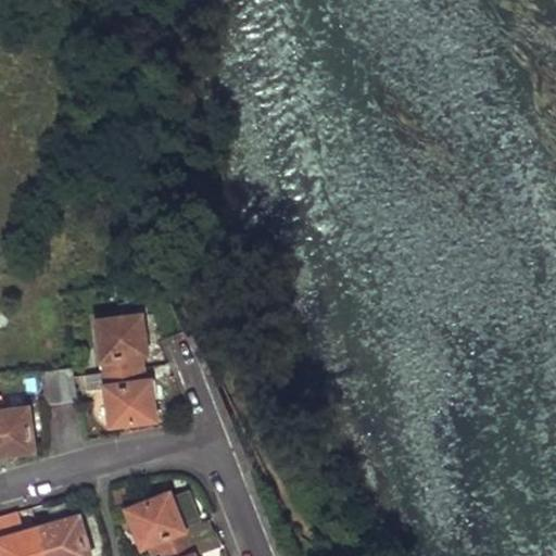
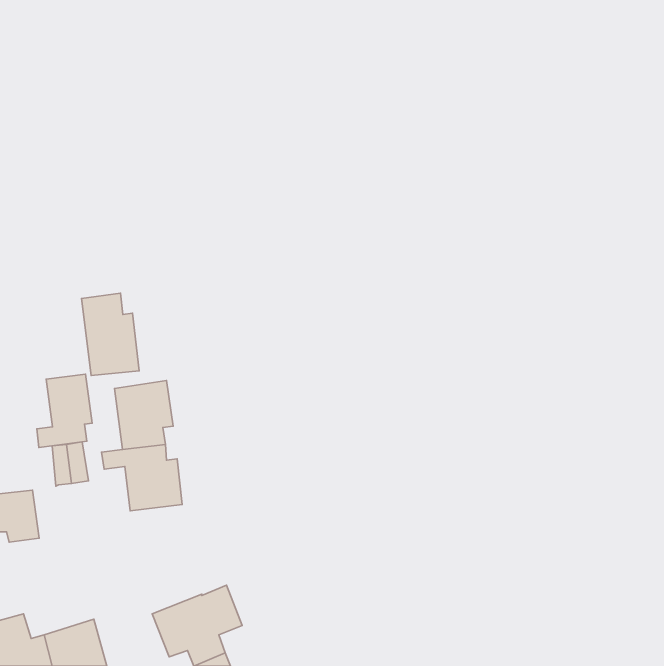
building: none -> [81,293,139,376]
building: none -> [37,374,92,447]

